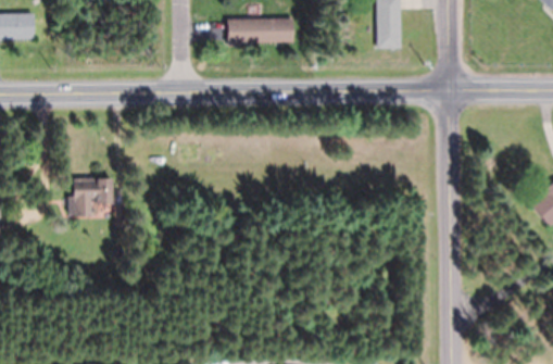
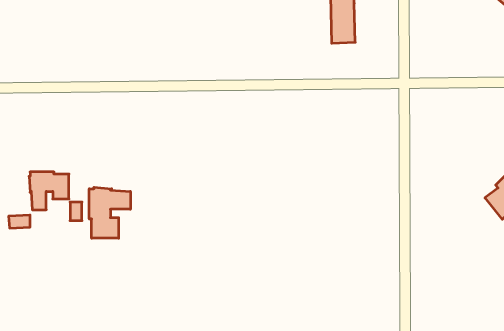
building: [227,17,293,48] -> none
building: none -> [89,187,130,238]

